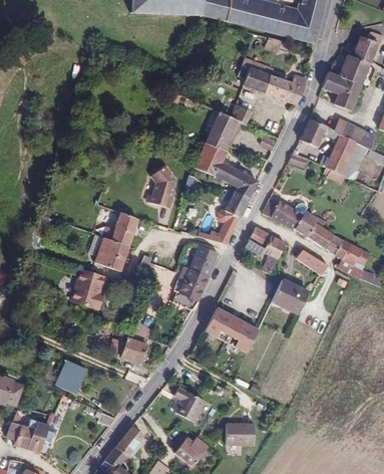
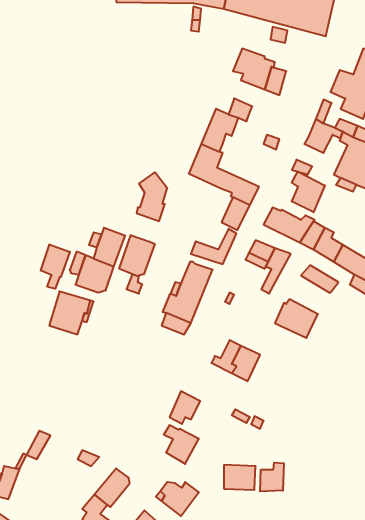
building: [276,67,308,103] -> none
building: none -> [292,172,325,212]
building: none -> [119,235,155,276]
building: none -> [41,244,70,289]
building: [205,304,232,333] -> [170,391,200,424]
building: [116,331,149,363] -> none
building: [60,362,89,395] -> none
building: none -> [260,463,284,491]

